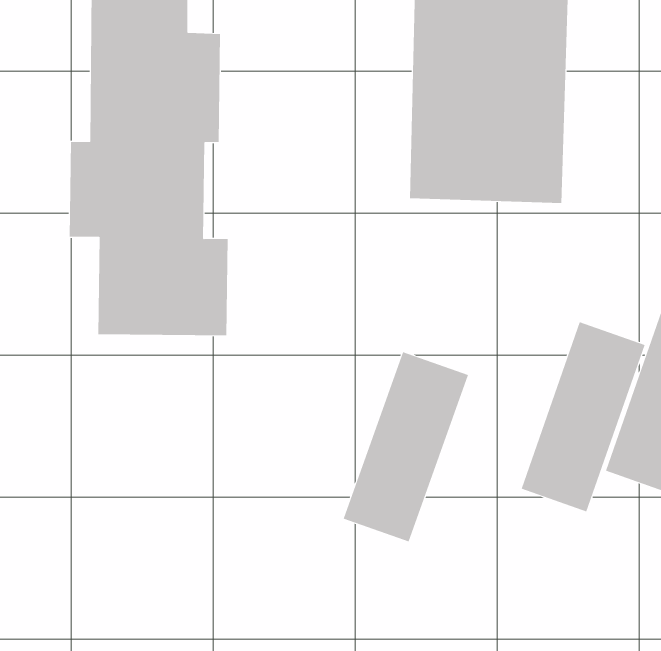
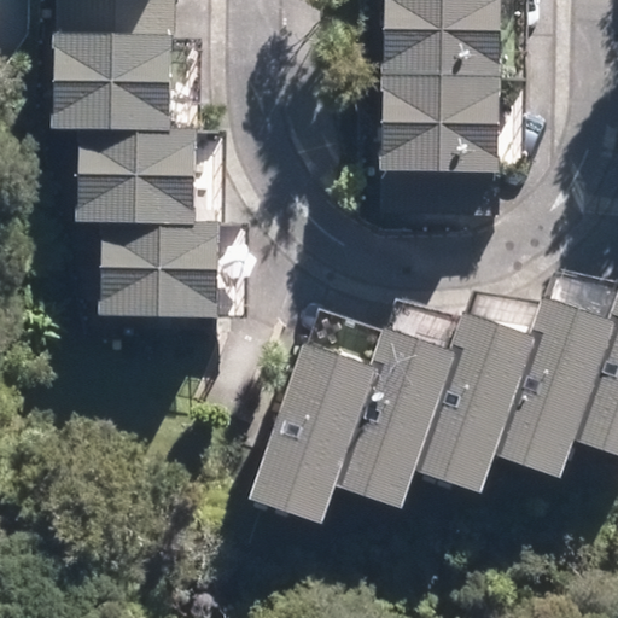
building: none -> [403,313,520,490]
building: none -> [243,343,360,520]

